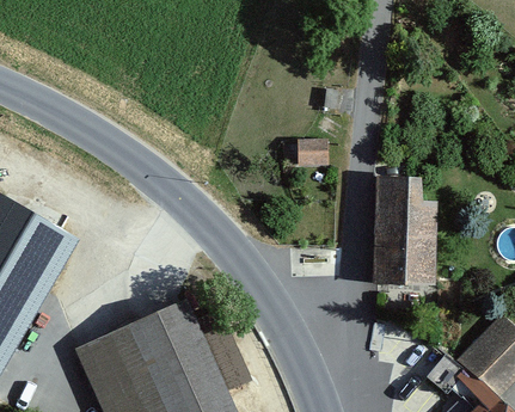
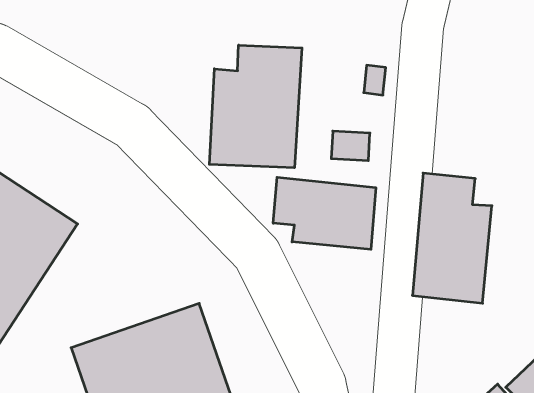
building: none -> [209,45,302,168]
building: none -> [273,177,376,249]

